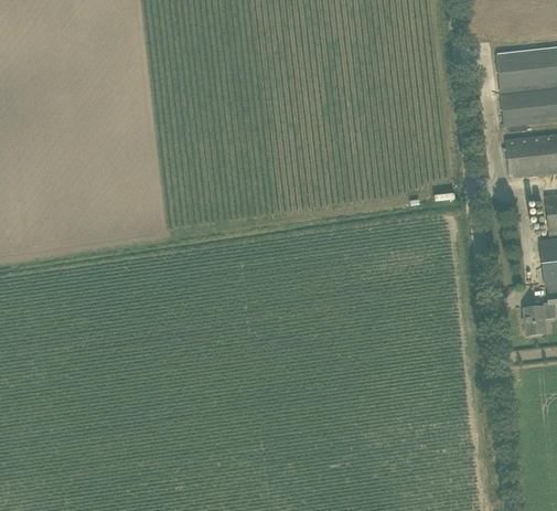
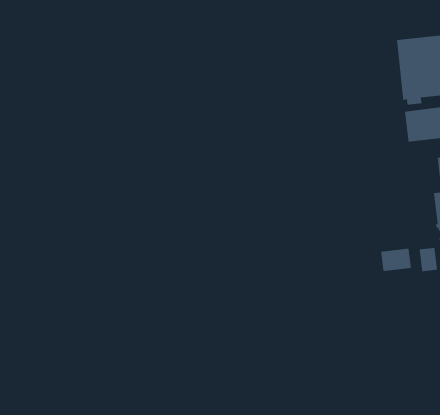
building: none -> [380,248,412,272]

